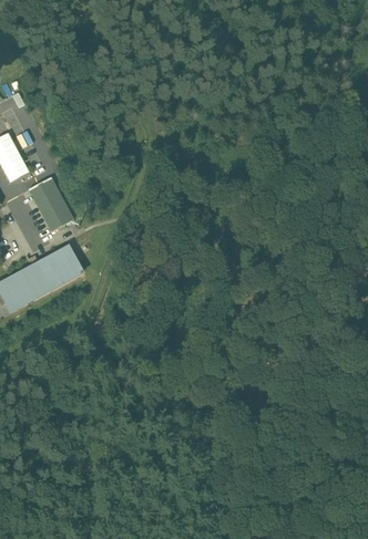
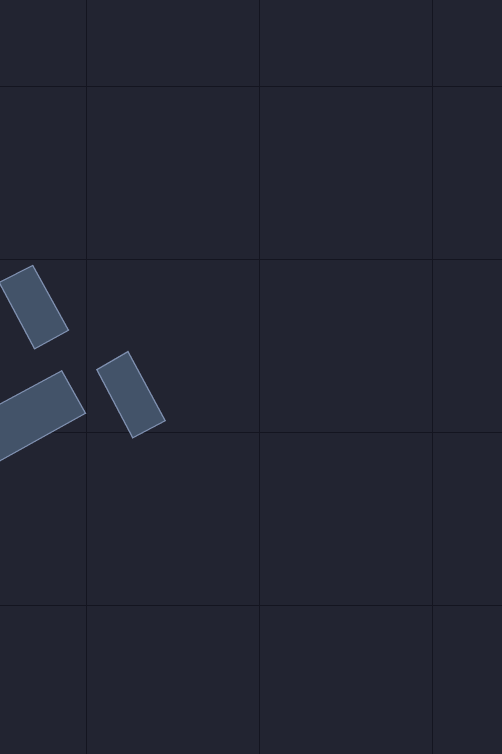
building: none -> [97,351,165,438]

